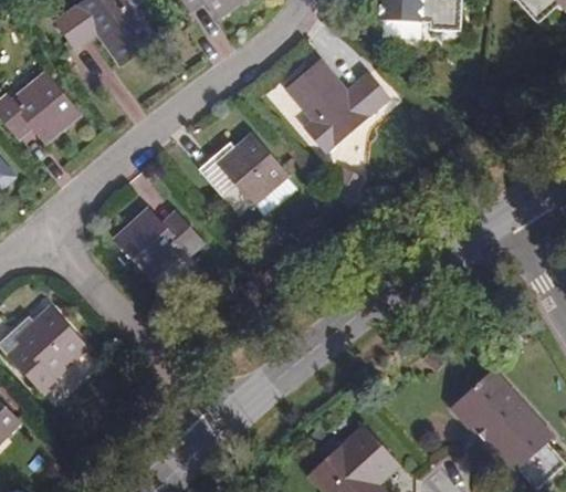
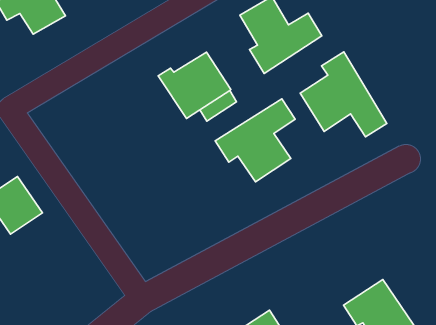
building: none -> [300,52,387,137]
building: none -> [215,99,295,182]
building: [111,208,198,278] -> none

